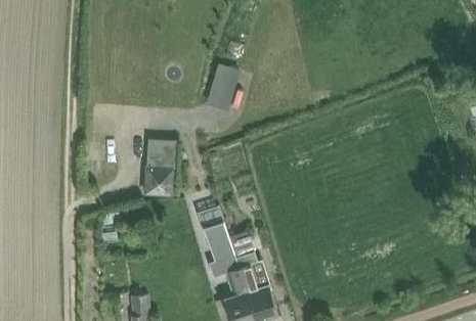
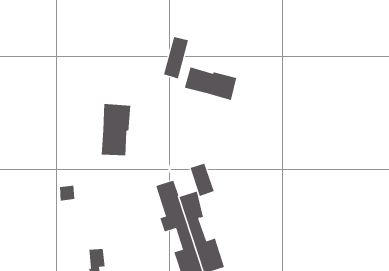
building: none -> [184,67,237,101]
building: none -> [190,163,214,197]

